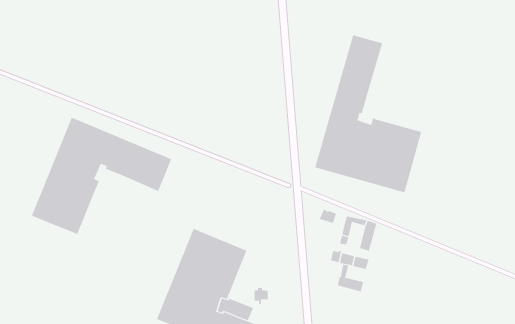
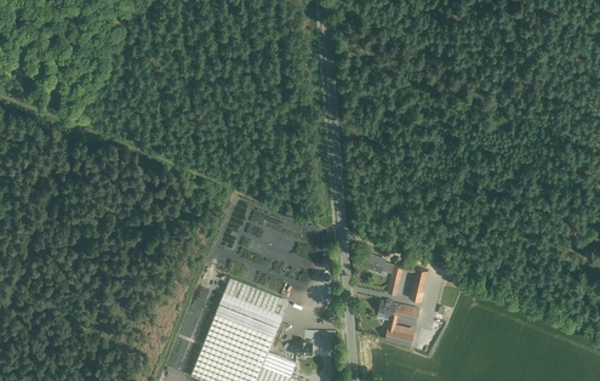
building: [315,34,422,193] -> none
building: [31,117,172,235] -> none

